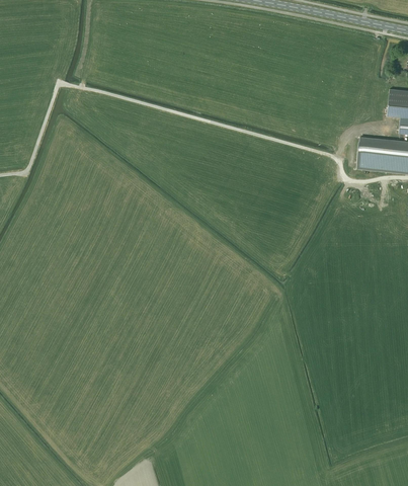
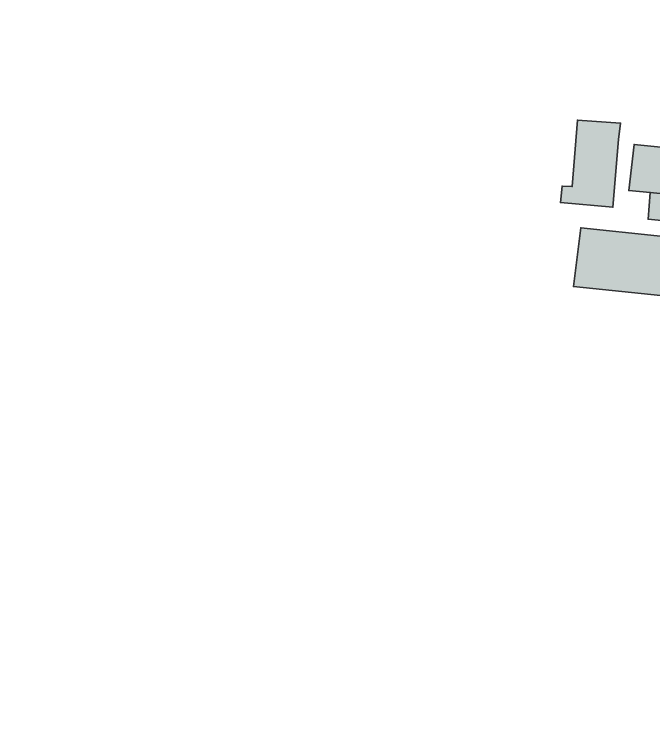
building: none -> [560,120,620,207]

